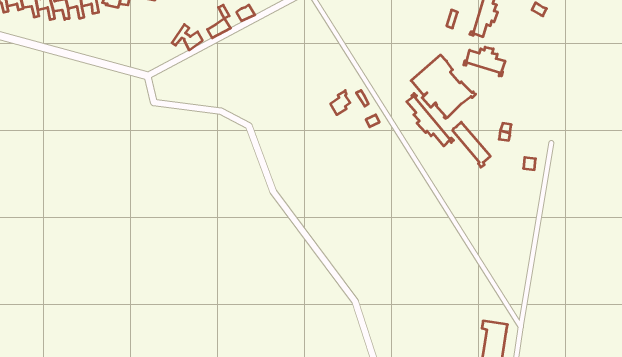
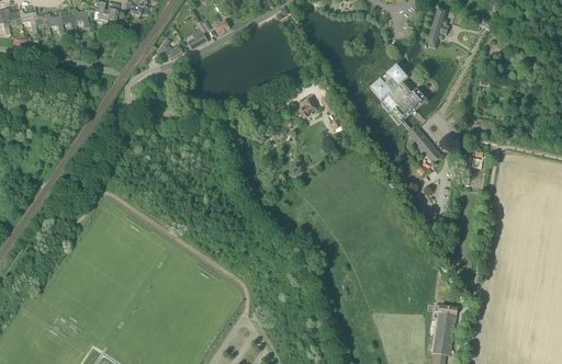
building: [464,47,505,76] -> none
building: [407,93,454,146] -> none

